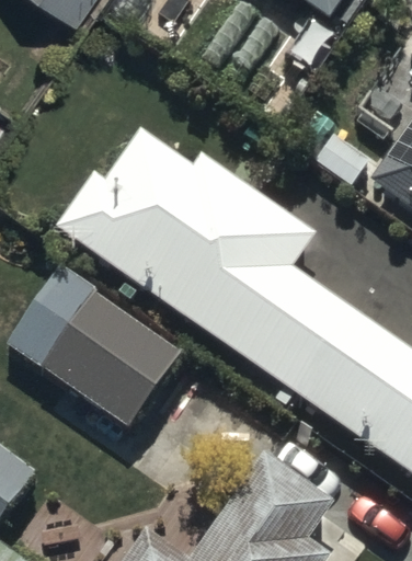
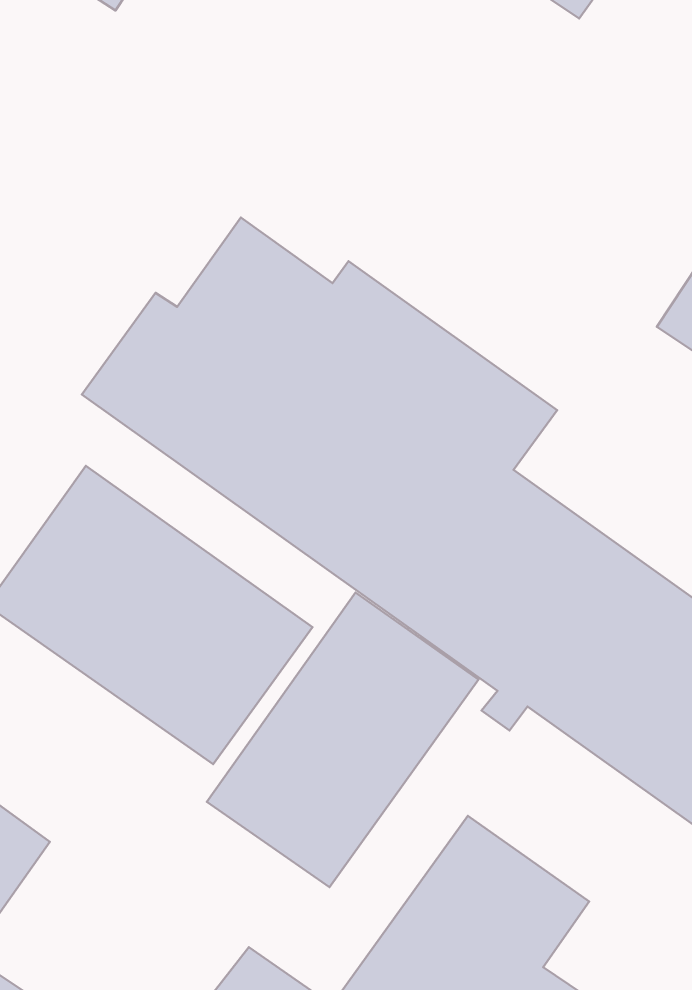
building: none -> [207,593,479,887]

